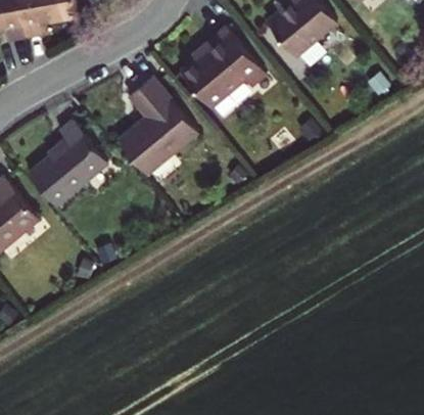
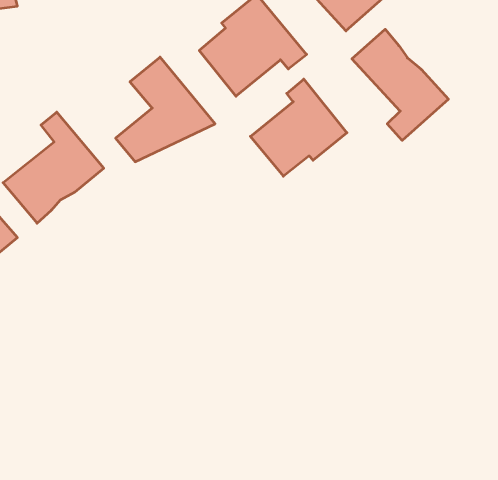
building: none -> [352,29,448,140]
building: none -> [250,79,347,176]

